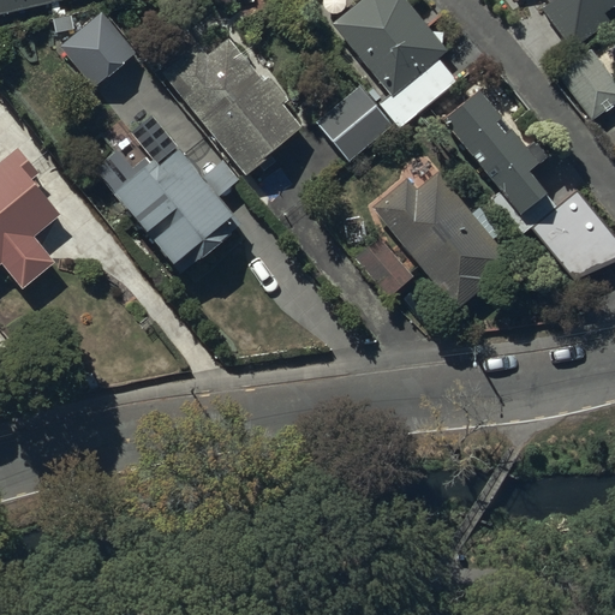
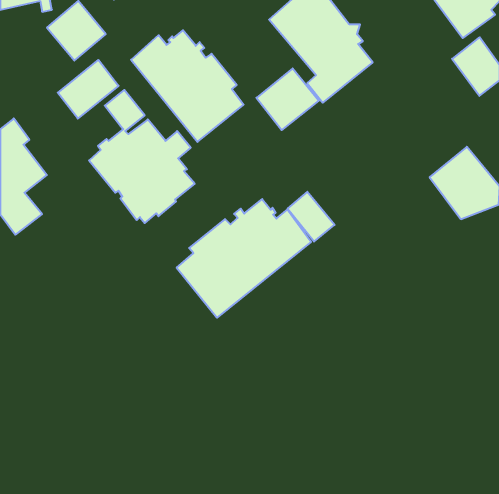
building: none -> [58,60,119,119]
building: [441,92,547,217] -> none
building: [371,172,510,310] -> none
building: none -> [177,199,311,318]

